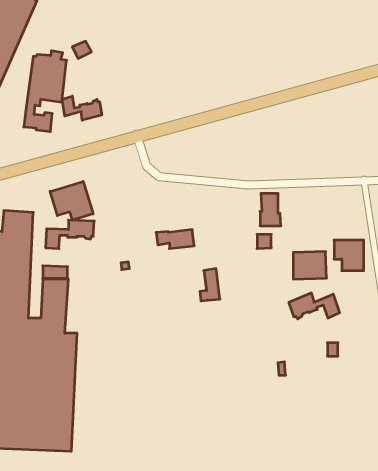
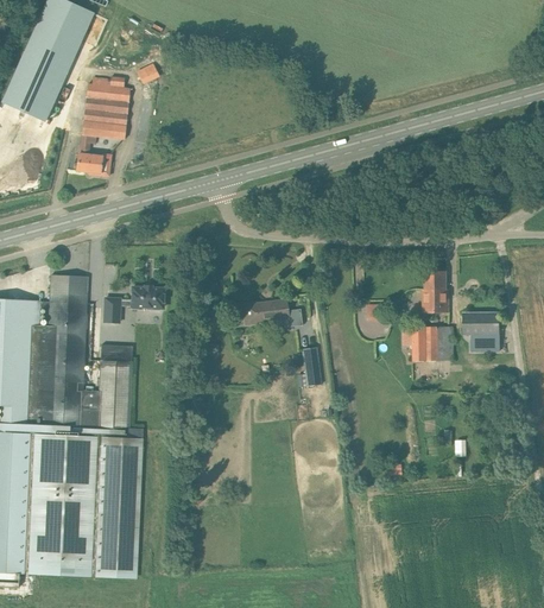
building: [62,96,102,120] -> none
building: [50,181,93,220] -> none
building: [260,193,281,226] -> [423,271,449,311]
building: [289,293,340,319] -> none

